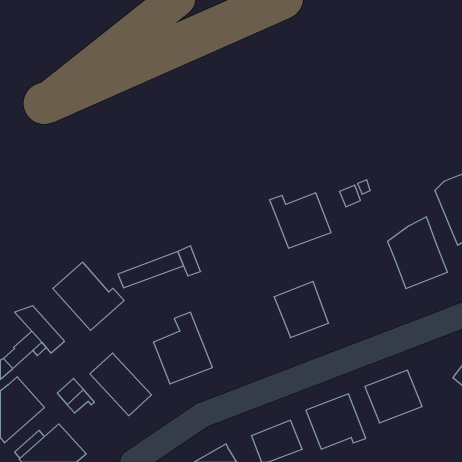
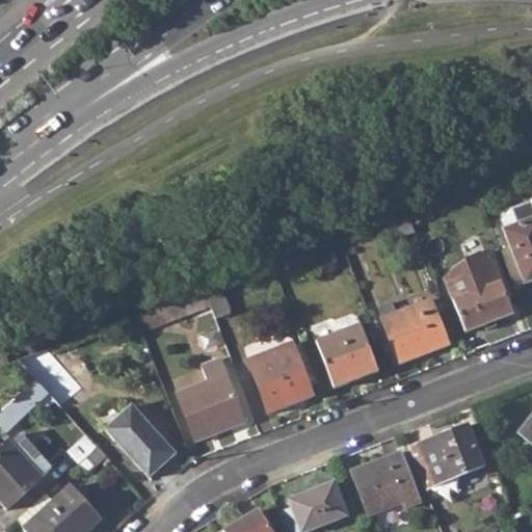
building: [269,193,331,248] -> [378,297,449,361]
building: [53,262,124,330] -> none
building: none -> [248,341,313,411]

